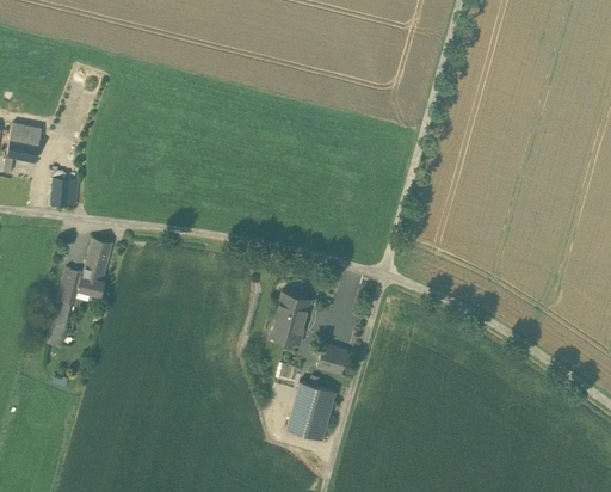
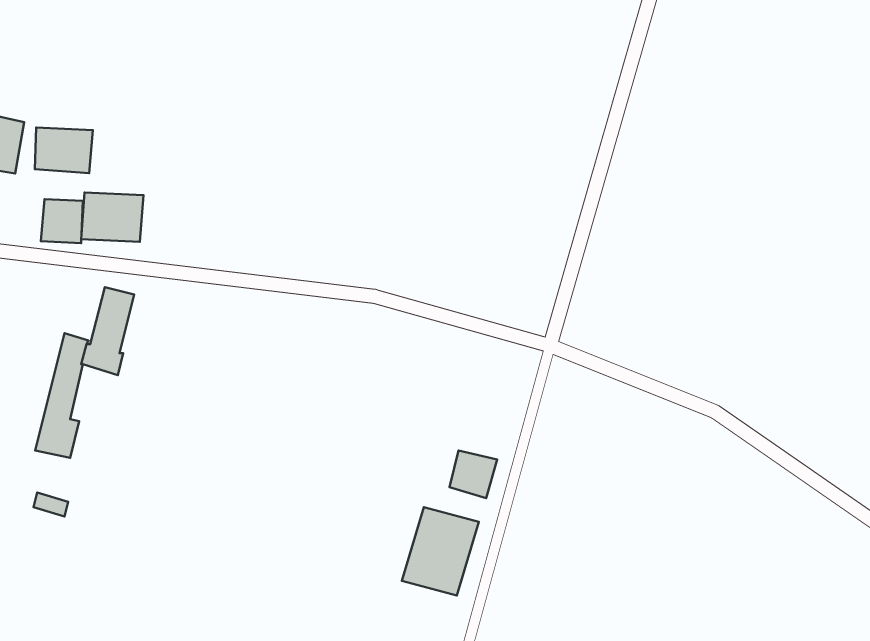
building: none -> [35,127,93,173]
building: none -> [81,192,143,242]
building: [267,289,314,348] -> none

